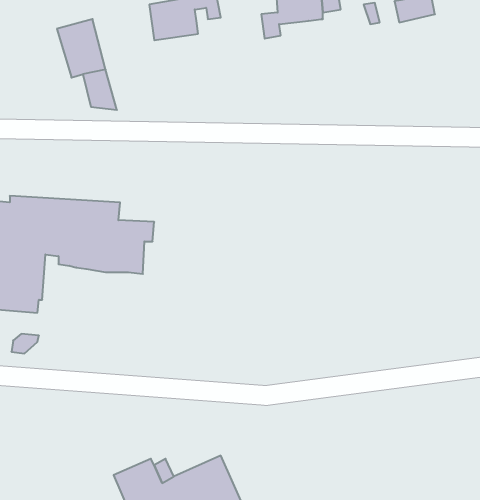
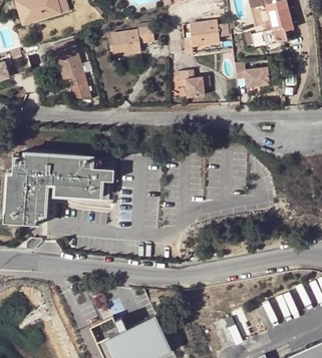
building: none -> [234,62,268,87]
building: none -> [177,69,204,96]

